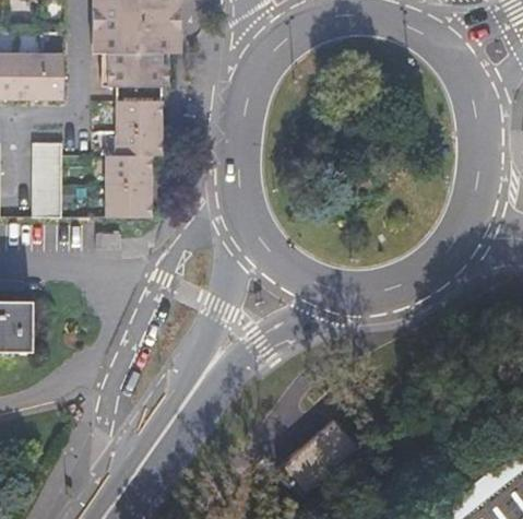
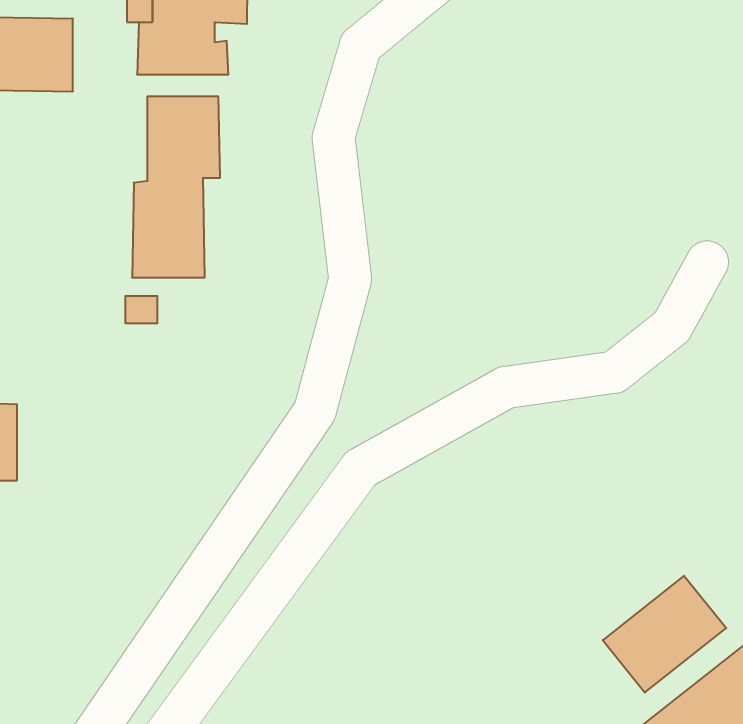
building: [34,146,60,221] -> none
building: [283,422,362,497] -> [603,576,726,693]

